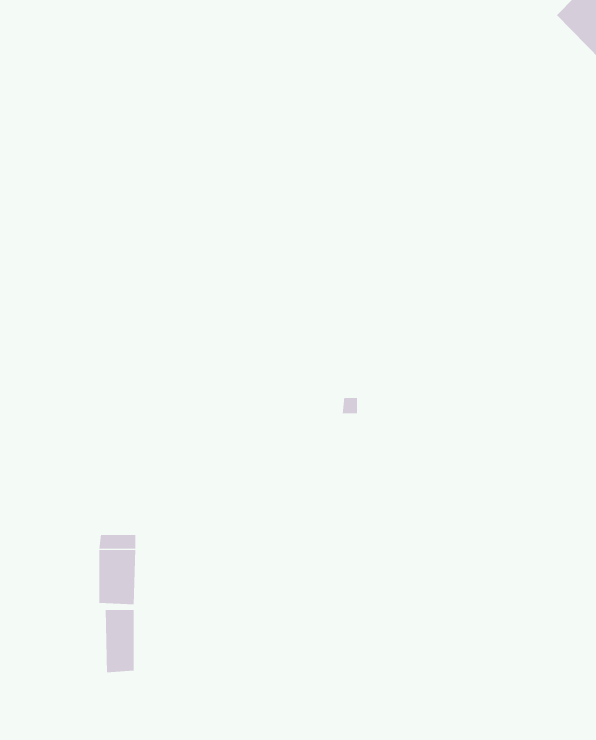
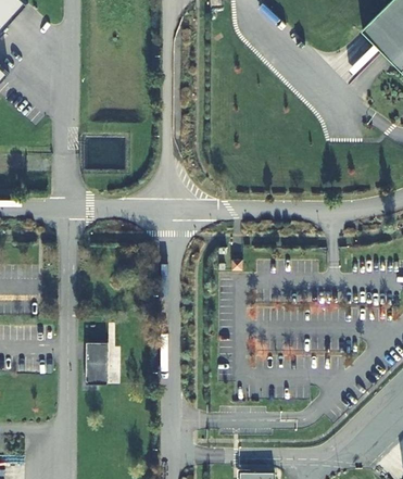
building: [105,609,134,673] -> none

